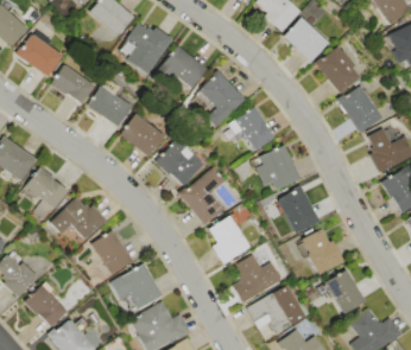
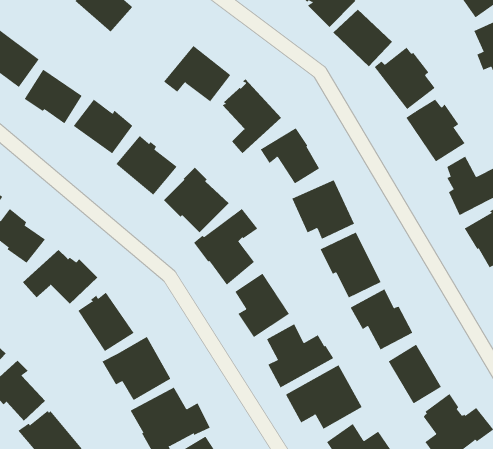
building: [127,23,171,74] -> none

